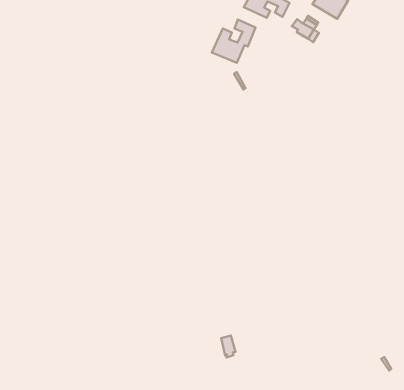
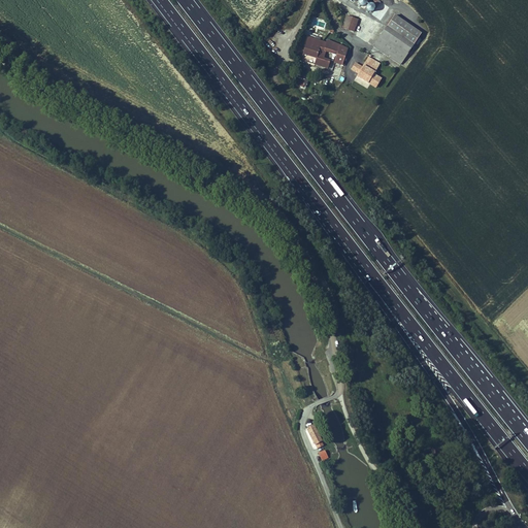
building: [212,20,256,63] -> none

